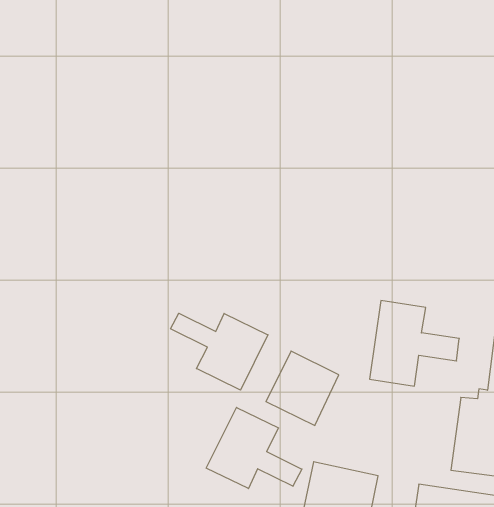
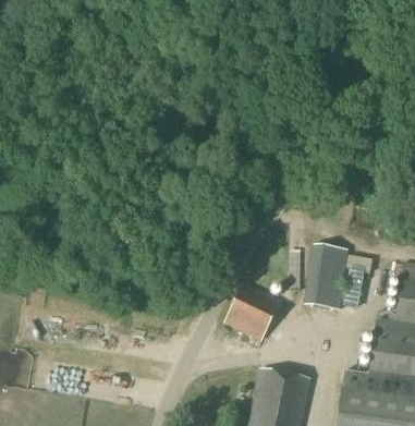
building: [171,313,268,390] -> none
building: [206,407,302,489] -> none

